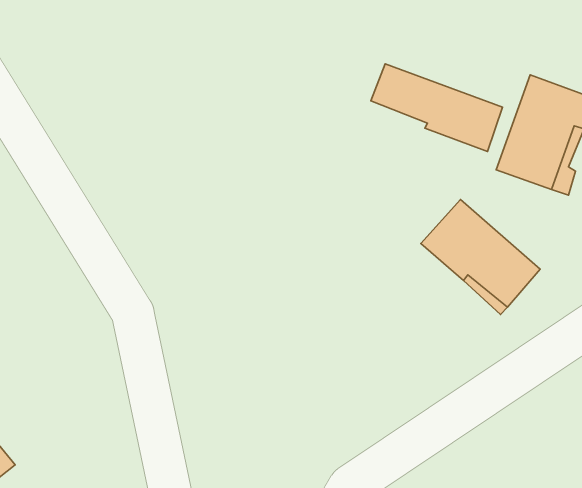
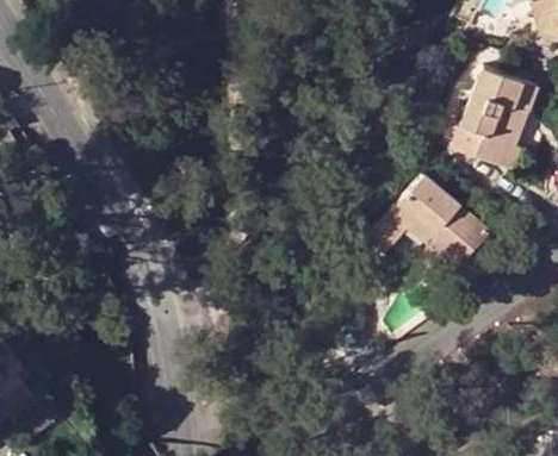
building: [371,64,503,152] -> none

